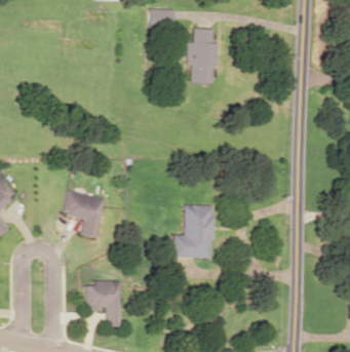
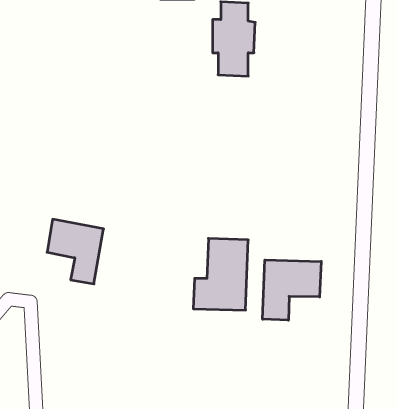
building: none -> [263,260,321,320]
building: [86,281,122,326] -> none

